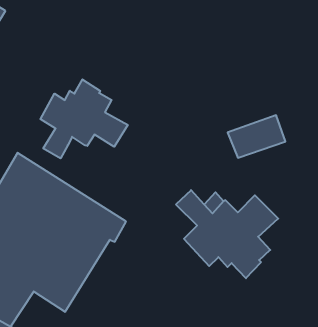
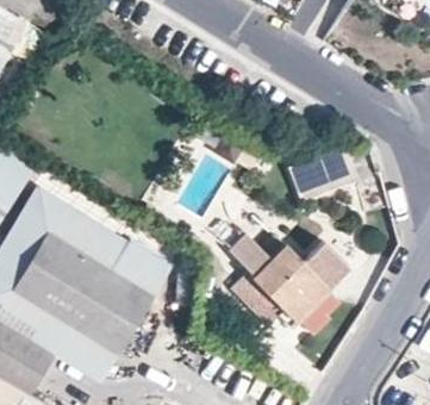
building: [40,79,128,158] -> none

